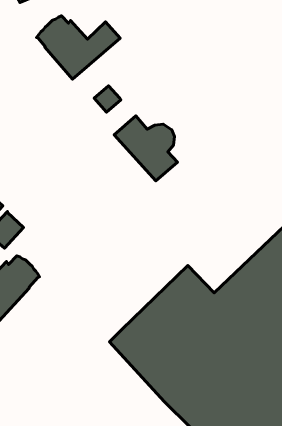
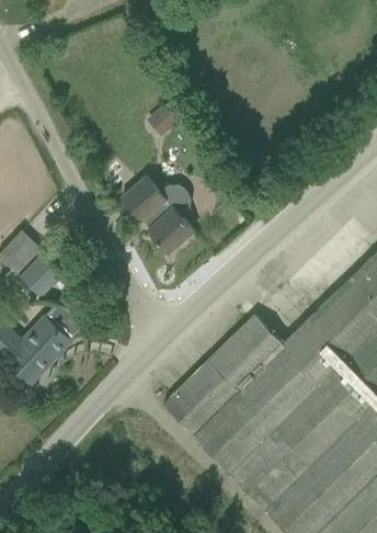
building: [37,16,120,79] -> none
building: [114,116,177,181] -> [121,177,194,252]

